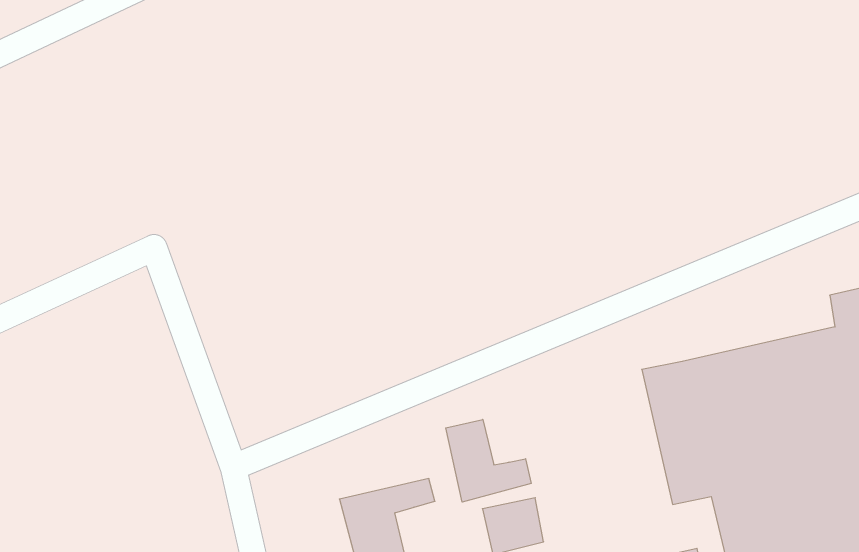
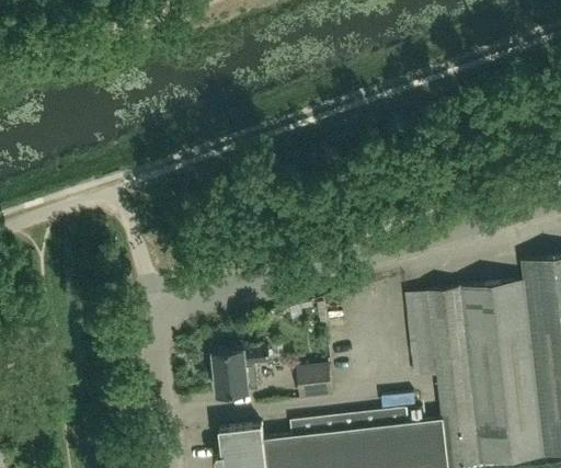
building: [446,419,531,502] -> none

